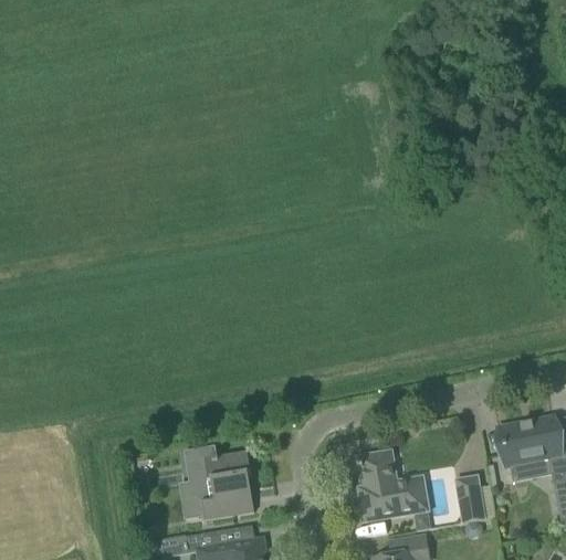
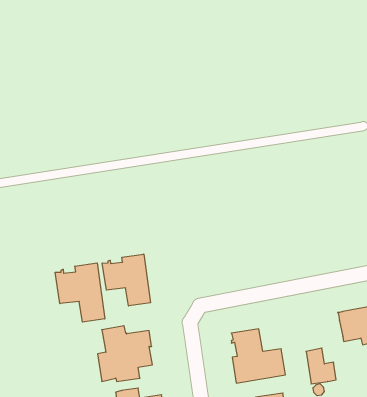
building: none -> [102,254,150,306]
building: none -> [55,263,105,322]

